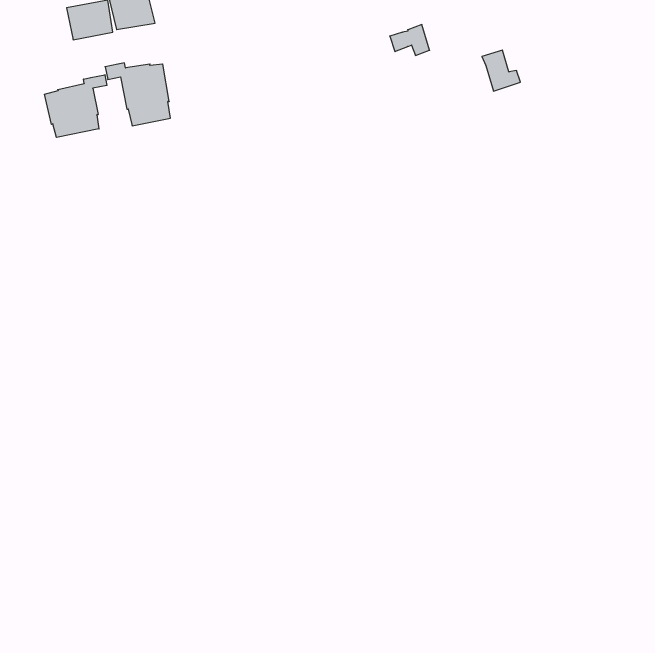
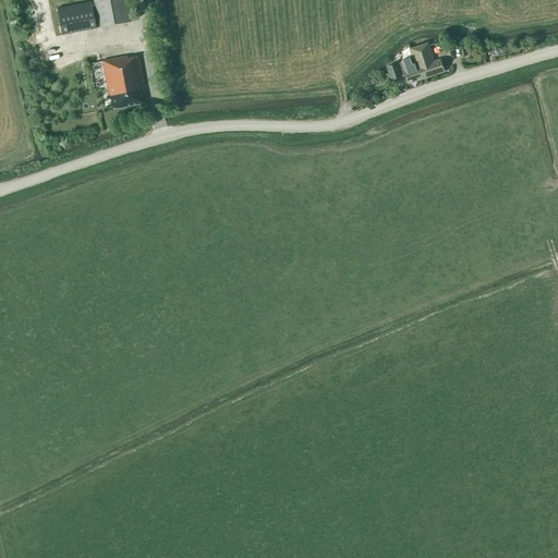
building: [390,25,430,55] -> [386,56,420,82]
building: [45,75,107,137] -> none

